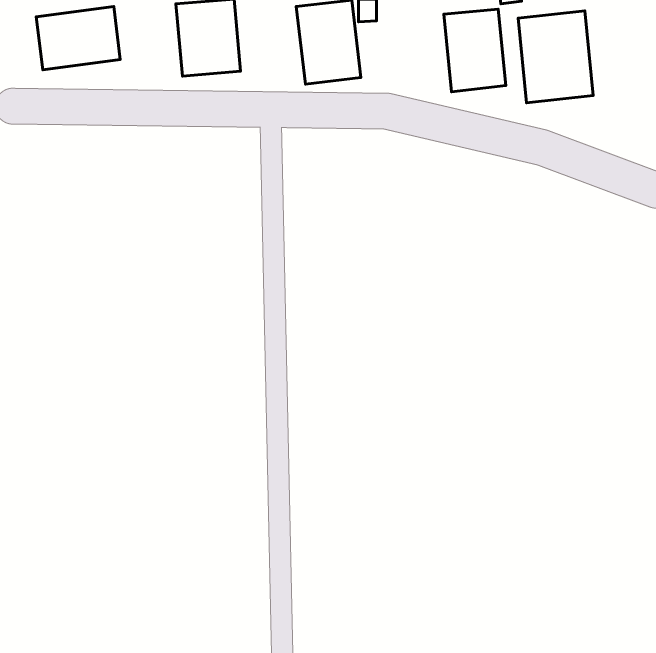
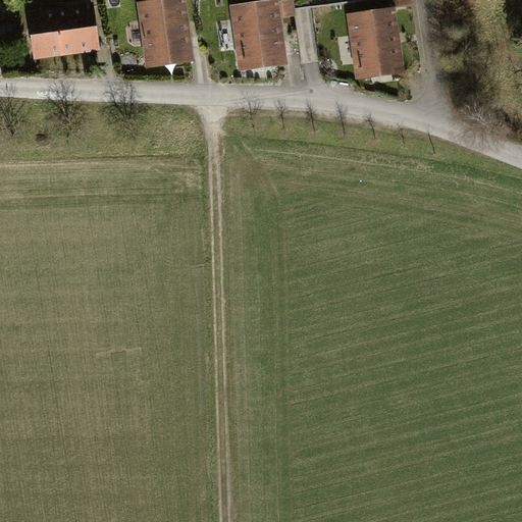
building: [518,11,593,103] -> none

